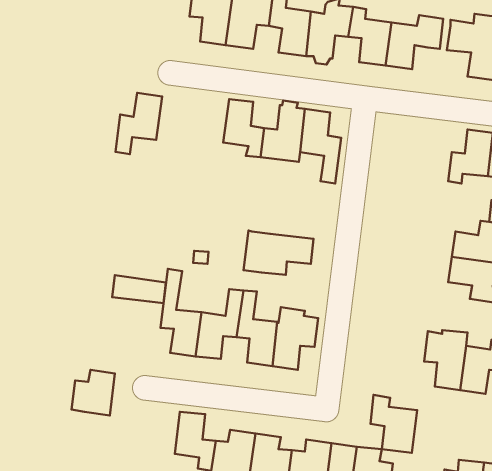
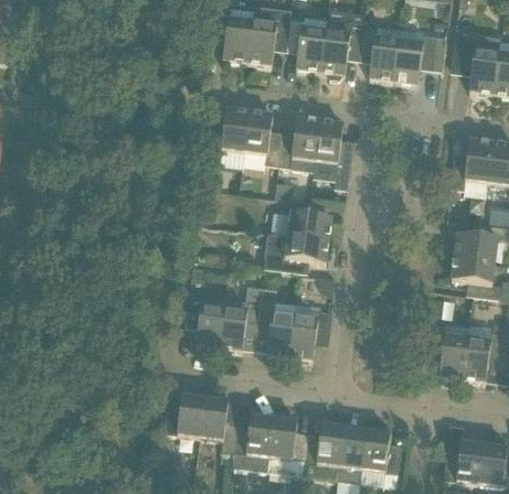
building: [115,93,162,154] -> [206,107,250,163]
building: none -> [282,197,330,238]
building: [112,275,166,303] -> none
building: [71,370,115,416] -> [165,394,204,436]
building: [370,395,417,453] -> none

